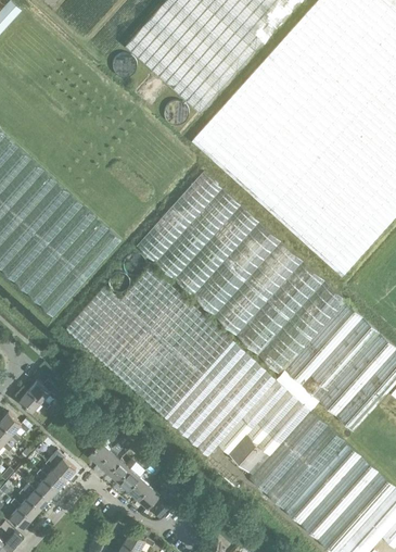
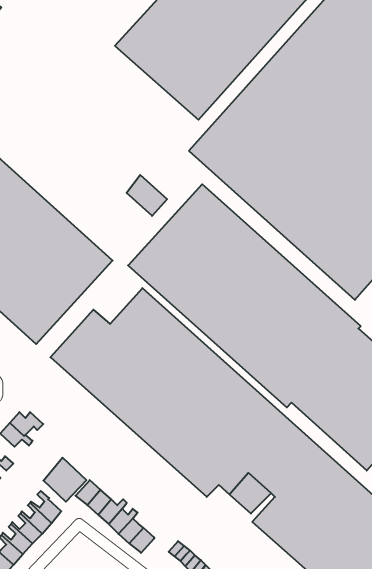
building: none -> [127,175,167,216]
building: none -> [43,458,86,502]

